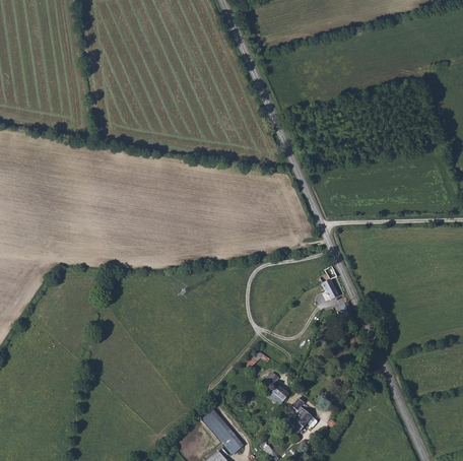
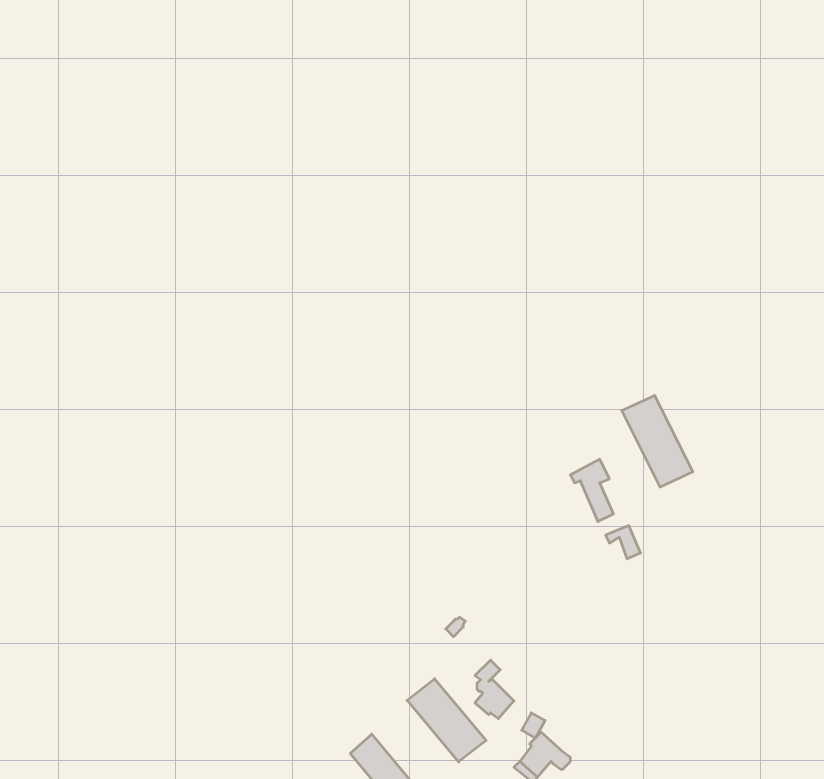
building: none -> [622,395,693,487]
building: none -> [407,679,486,762]

